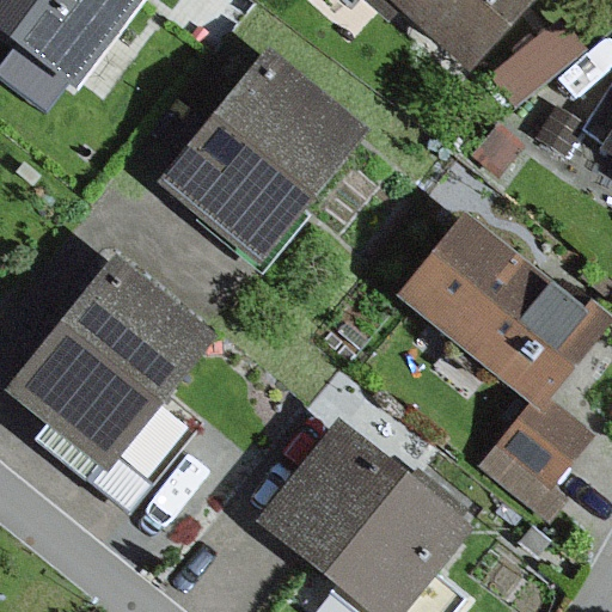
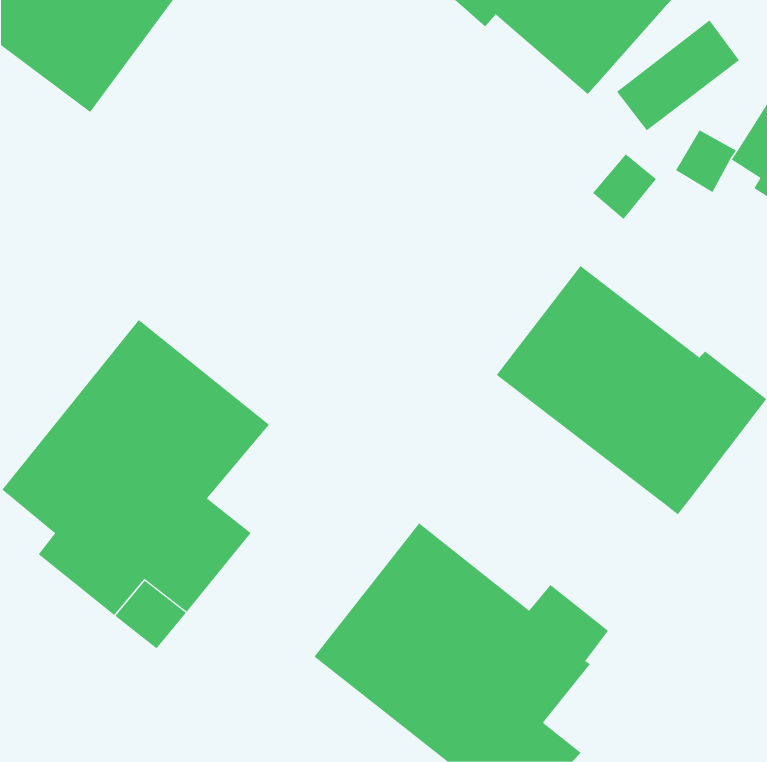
building: [159,47,368,261] -> none
building: [481,397,596,521] -> none

